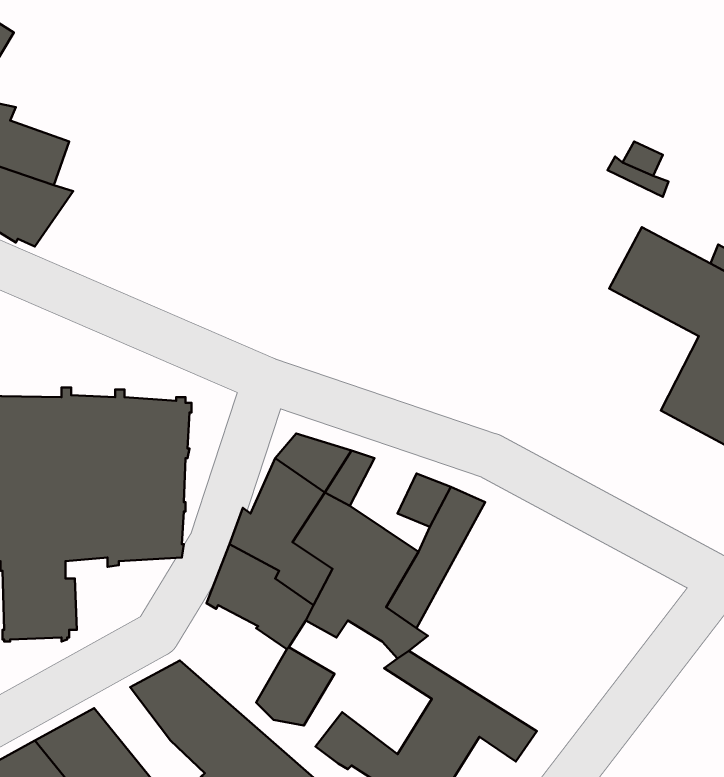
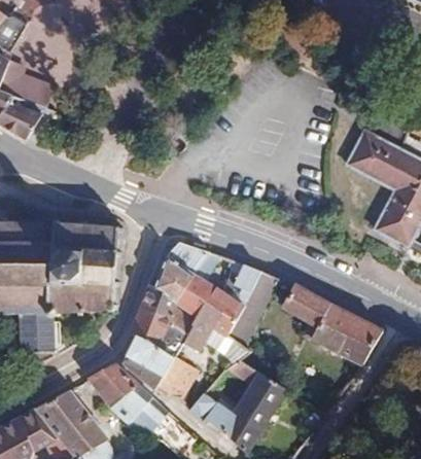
building: none -> [282,285,381,364]
building: none -> [120,334,172,390]

